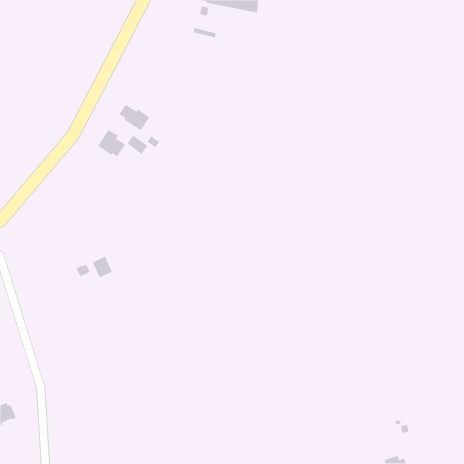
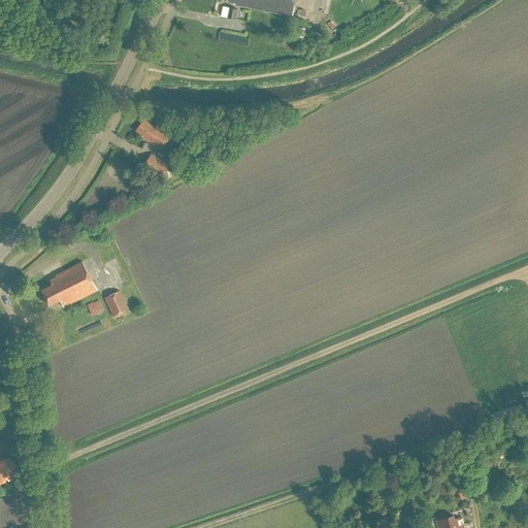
building: [97,129,126,158] -> none
building: none -> [40,263,95,307]

